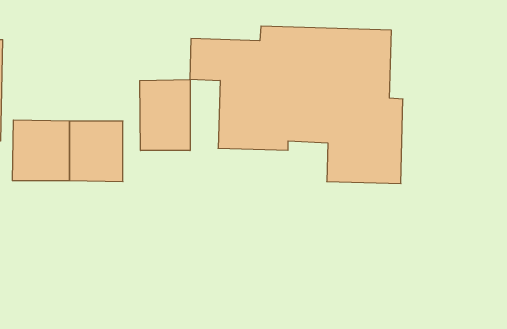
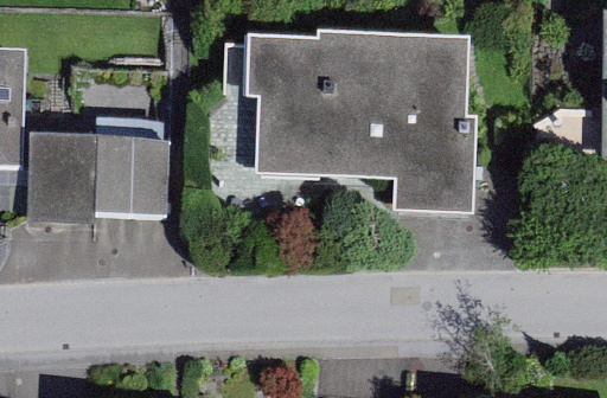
building: [140,79,190,151] -> none

